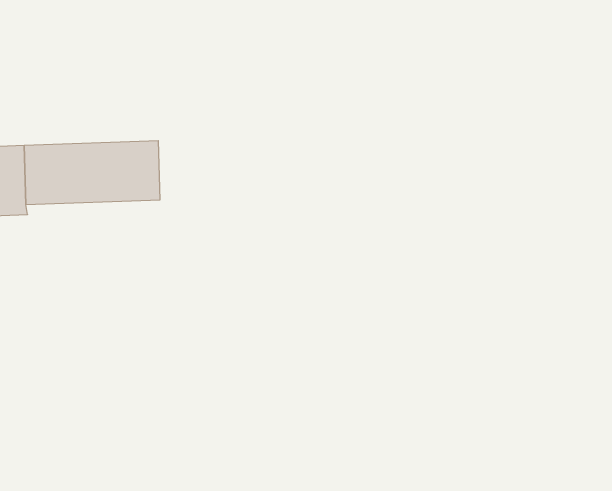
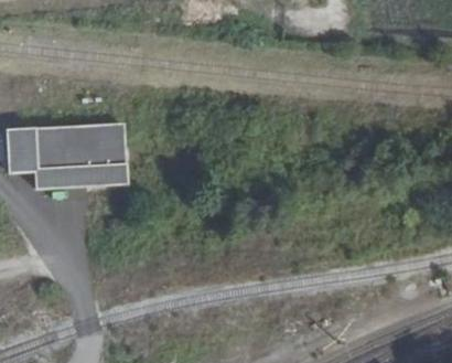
building: none -> [34,161,126,188]

